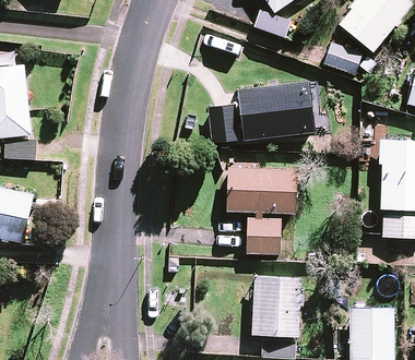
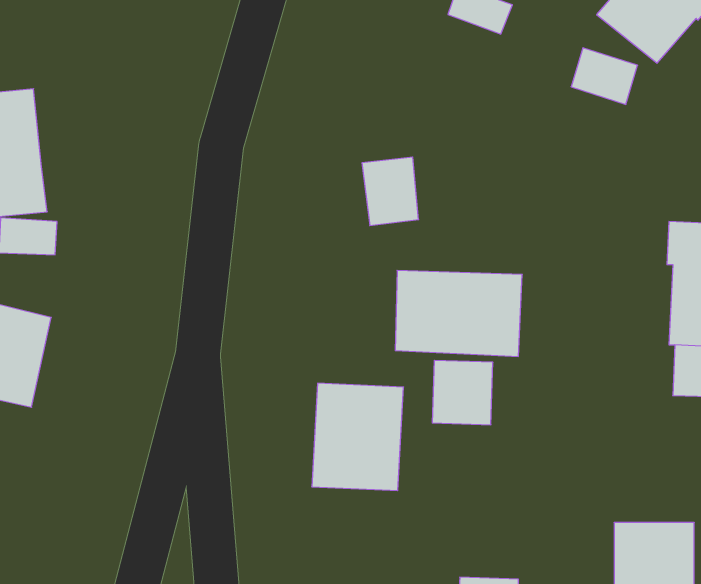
building: [237,82,315,140] -> none
building: [250,277,301,337] -> [312,383,404,491]

